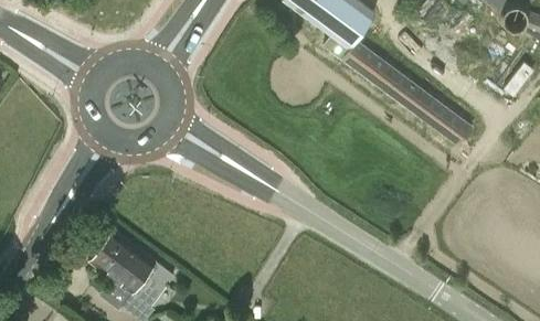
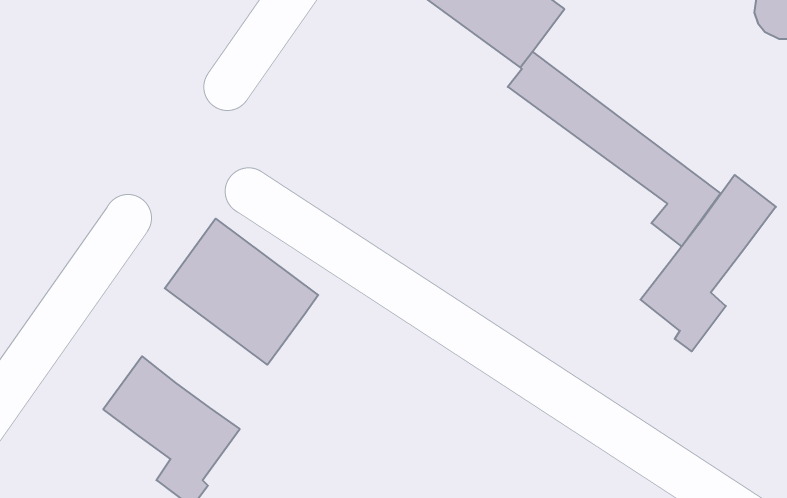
building: none -> [640,175,776,351]
building: none -> [165,219,318,365]

